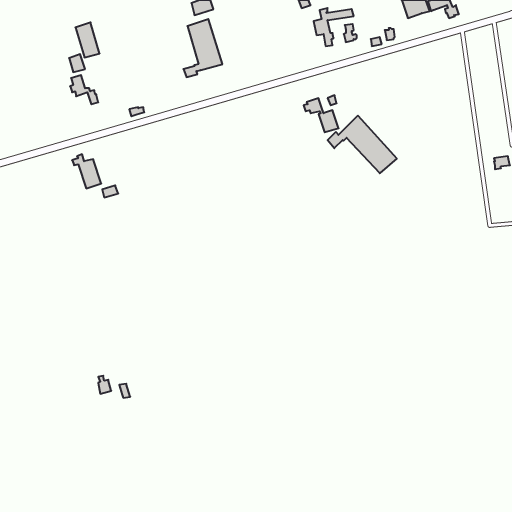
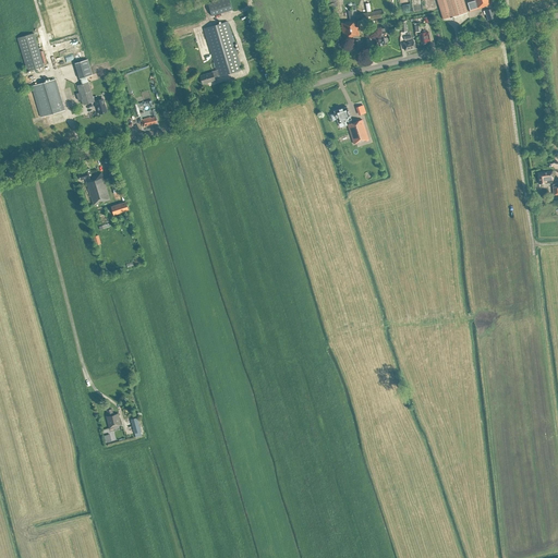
building: [75,22,100,57] -> [17,33,44,71]
building: none -> [32,78,64,117]
building: [328,116,397,173] -> none

